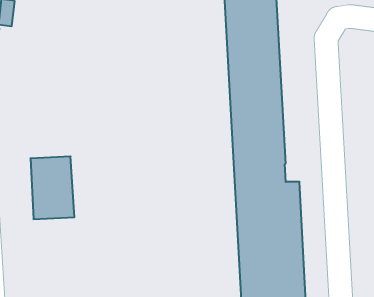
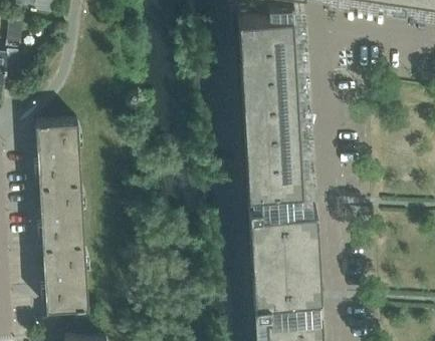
building: none -> [35,122,80,187]
building: none -> [42,247,87,311]

